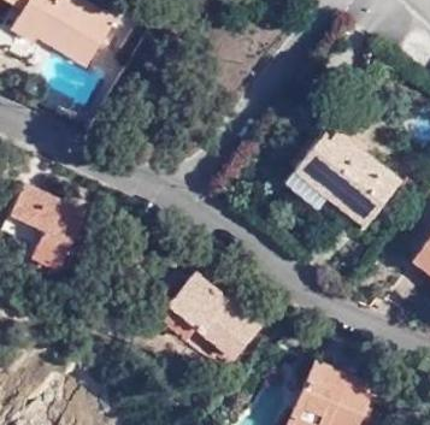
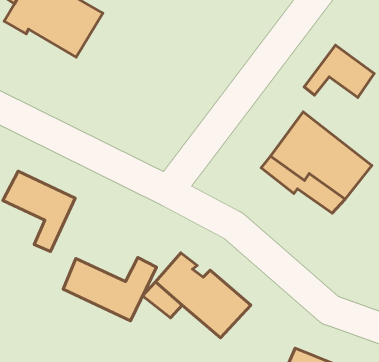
building: none -> [304,45,374,98]
building: none -> [63,258,157,321]

